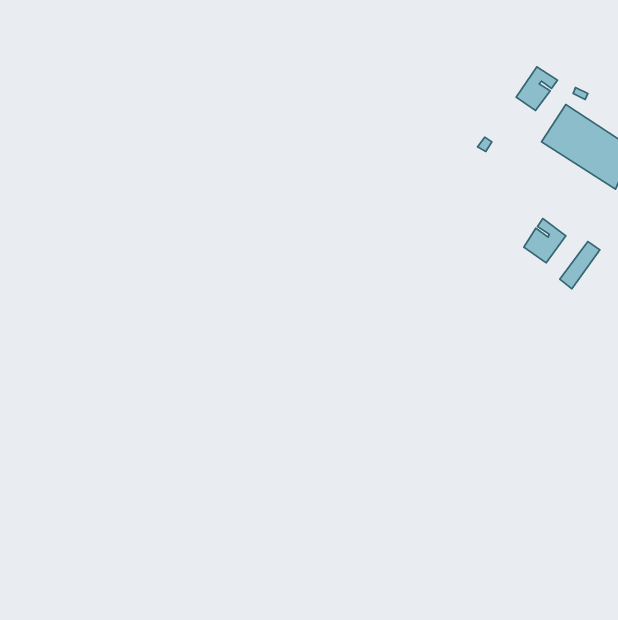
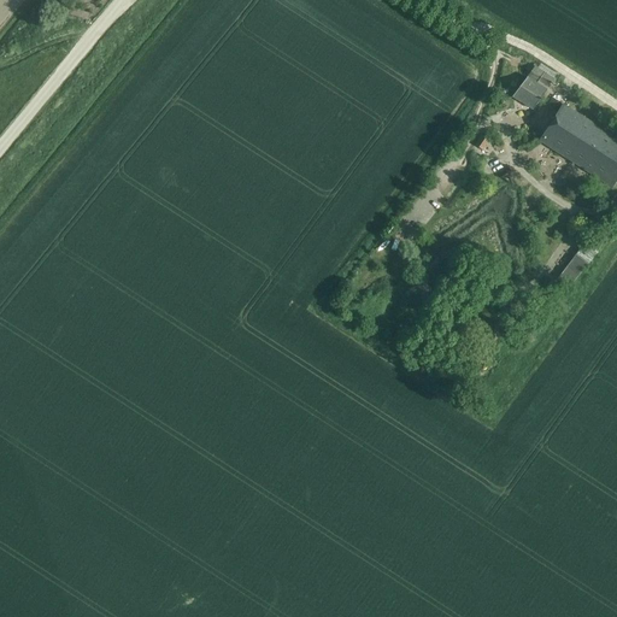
building: [524,219,566,263] -> none

